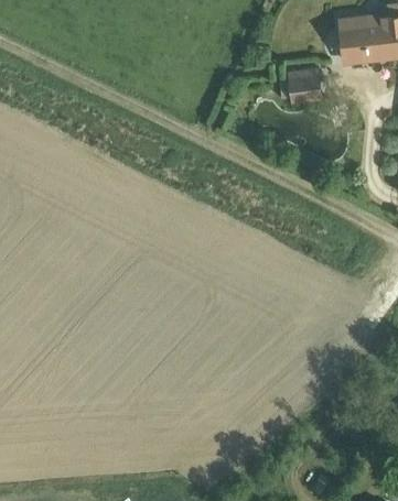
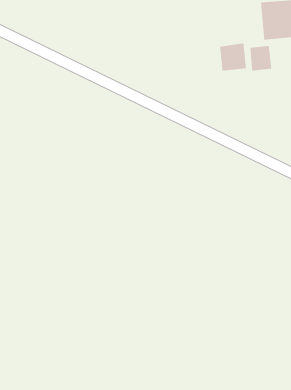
building: none -> [250,45,272,71]

